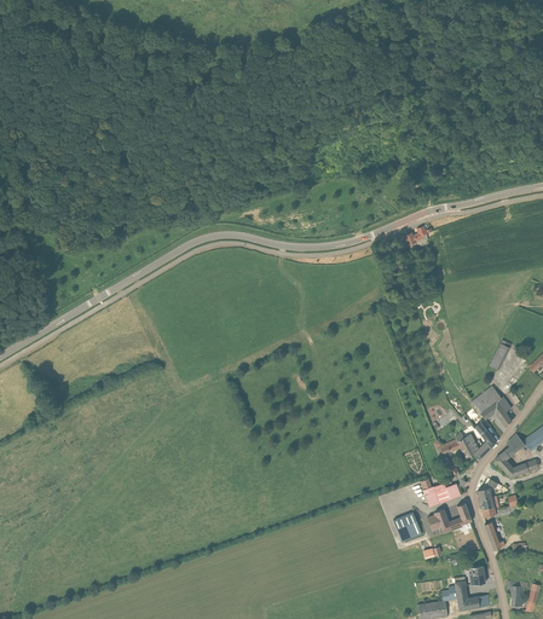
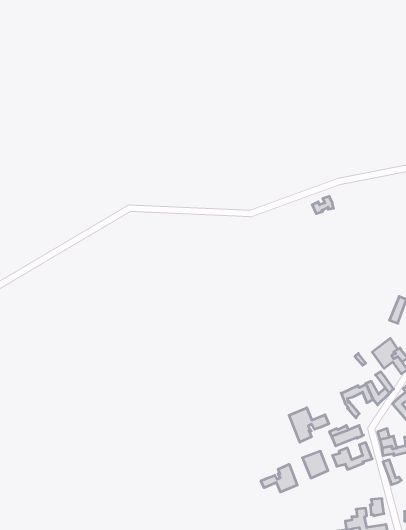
building: none -> [289,408,329,442]
building: none -> [261,464,297,492]

